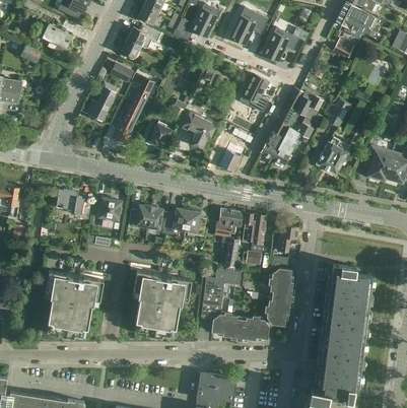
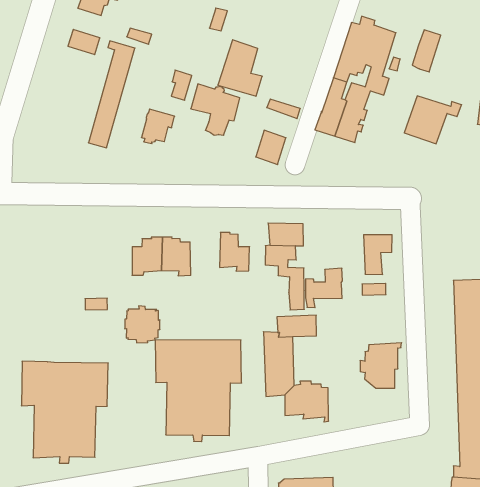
building: [239,73,268,112] -> [218,40,262,96]
building: [85,87,116,121] -> none
building: [56,188,90,218] -> none
building: [98,196,122,220] -> [125,306,160,343]
building: [165,207,189,234] -> none
building: [243,212,266,244] -> none
building: [268,268,293,297] -> none
building: [239,315,269,341] -> none

